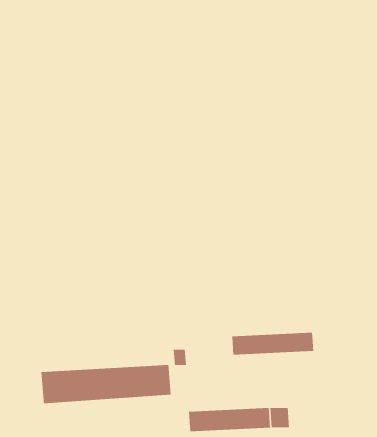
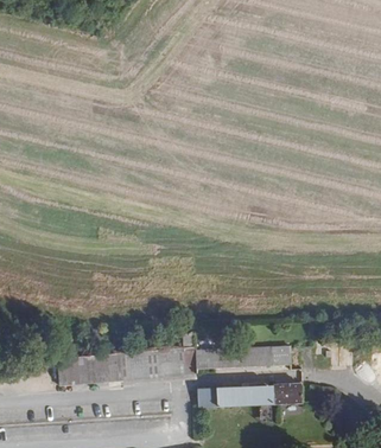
building: [231,332,314,355] -> [201,347,278,369]

